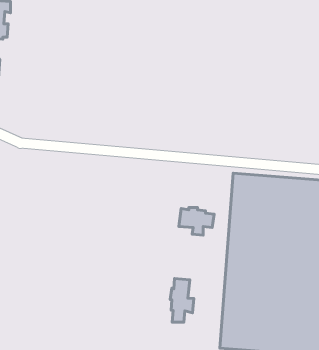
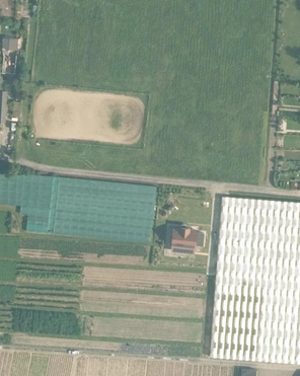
building: [170,279,194,322] -> none

